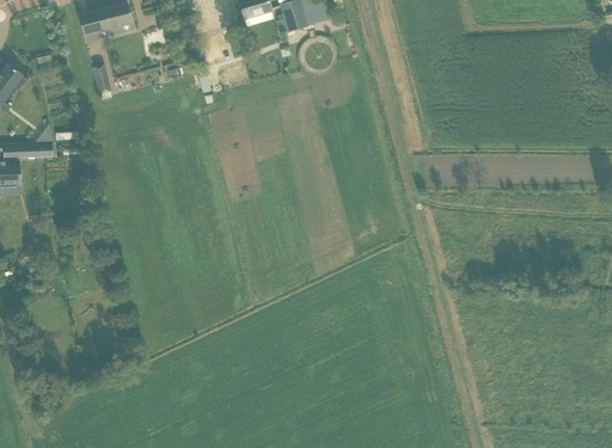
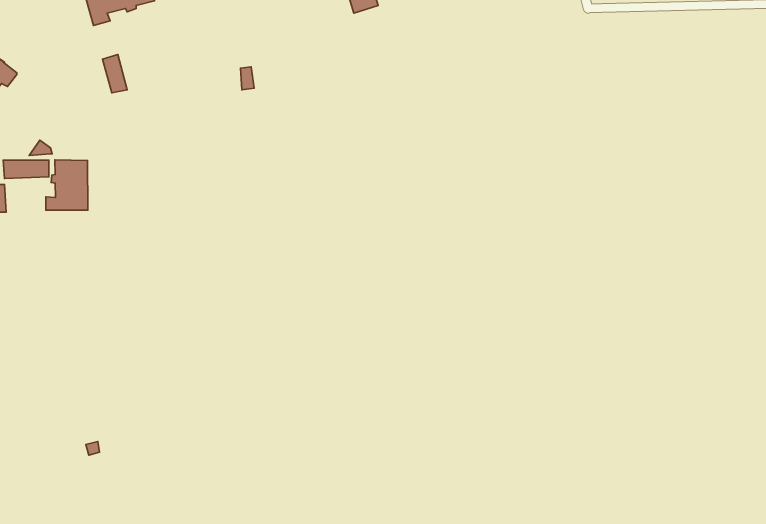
building: none -> [46,160,88,210]

